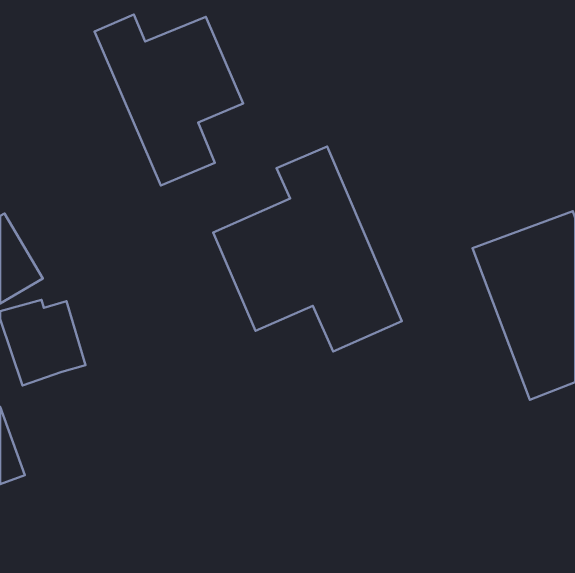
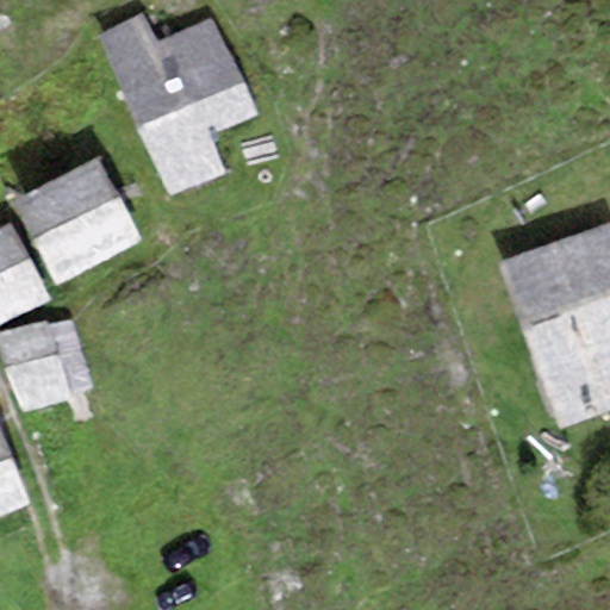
building: [213,146,402,351] -> none
building: none -> [11,157,137,282]

